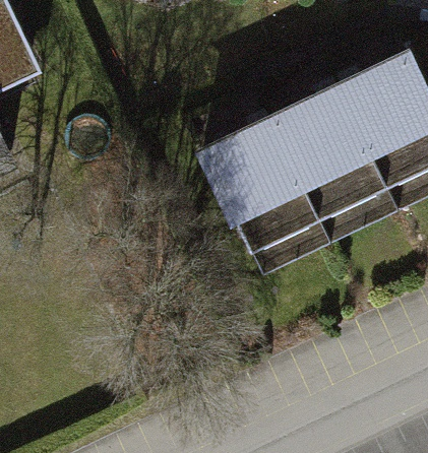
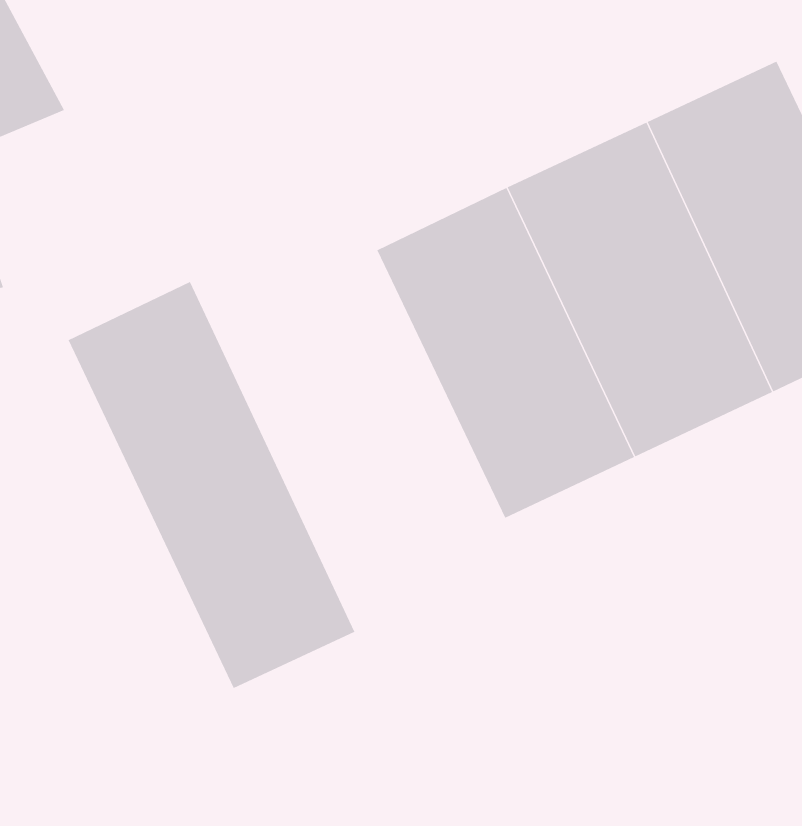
building: none -> [68,281,355,689]

